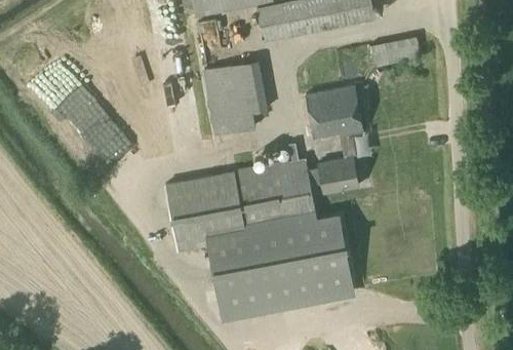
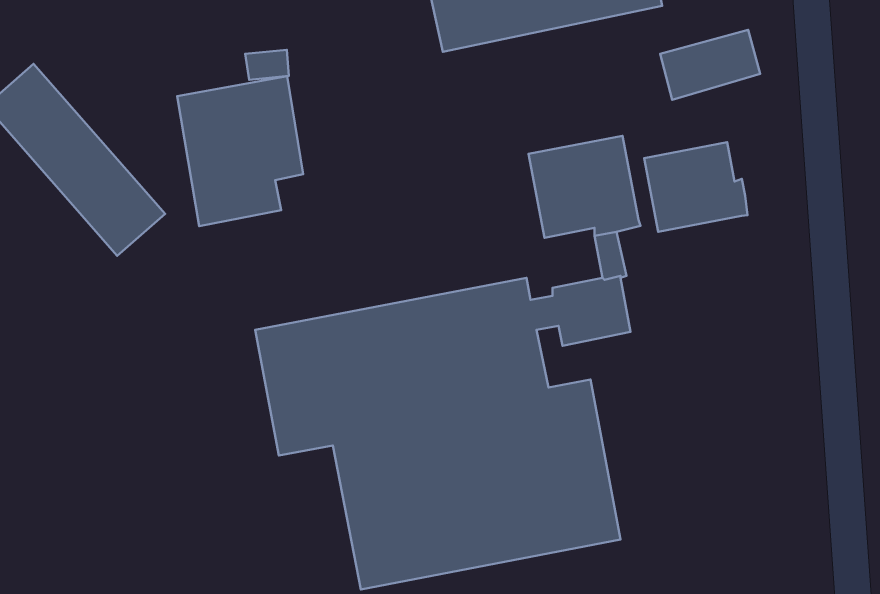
building: [202,60,267,137] -> [177,76,303,226]
building: none -> [644,142,748,232]

